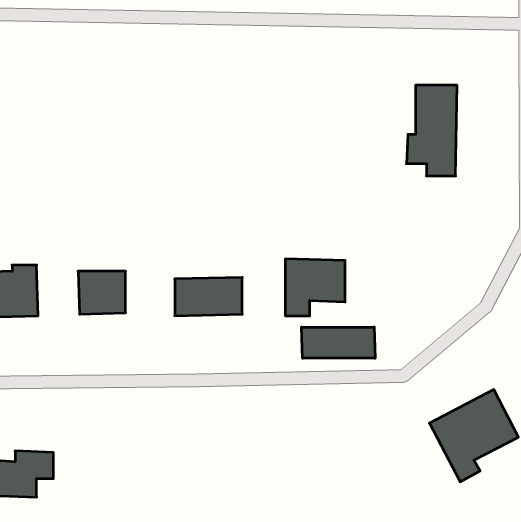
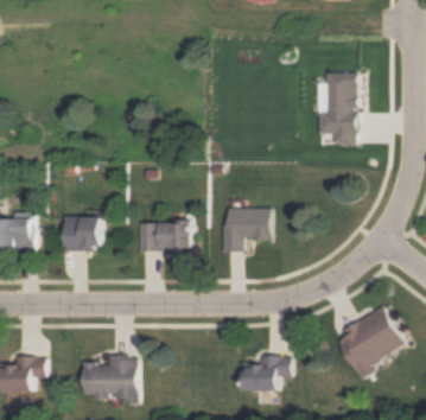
building: [302,327,375,358] -> none
building: none -> [242,355,291,390]
building: none -> [83,356,138,402]

